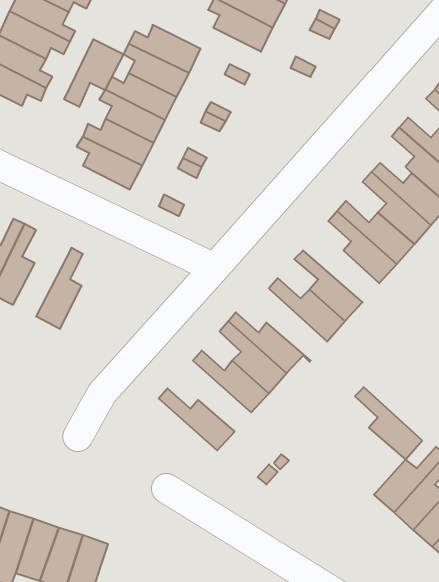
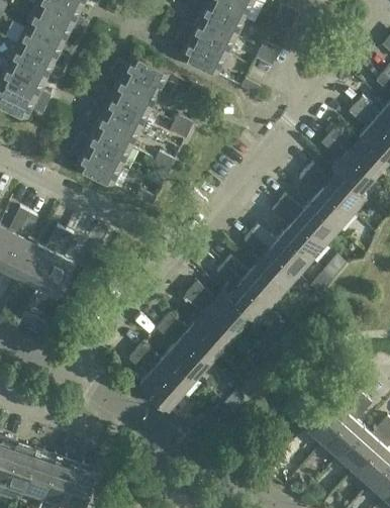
building: [64,39,123,107] -> none
building: none -> [250,227,310,277]
building: none -> [18,228,65,288]
building: none -> [156,323,208,380]
building: [355,387,422,459] -> [215,266,269,323]
building: none -> [127,353,181,411]

